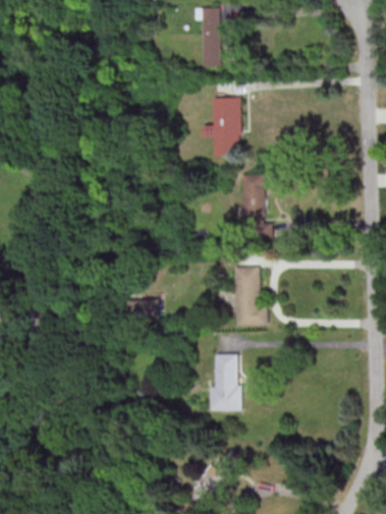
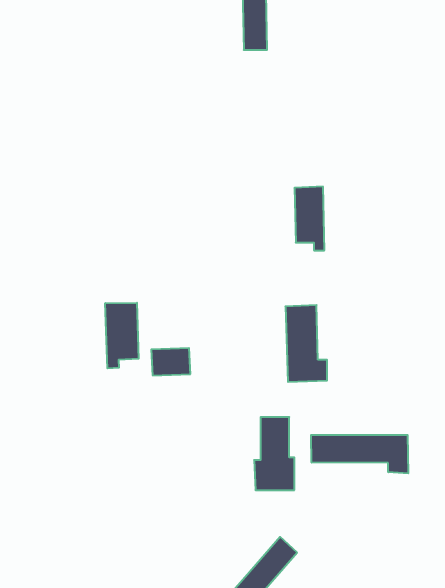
building: [203,97,241,157] -> none
building: none -> [105,303,139,368]
building: none -> [311,435,408,473]

